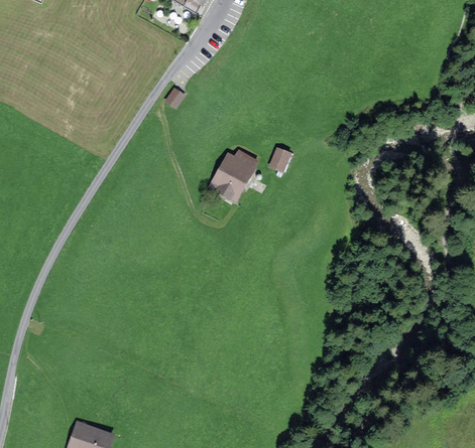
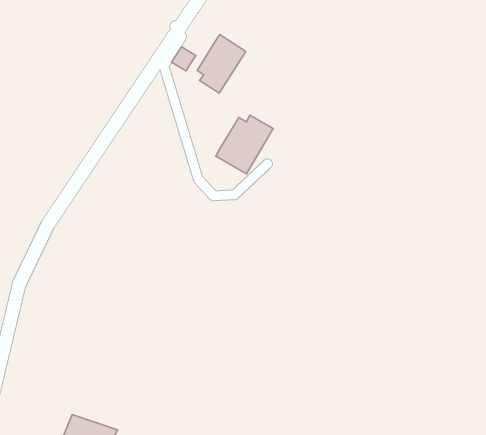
building: none -> [197,34,246,93]
building: [269,145,293,172] -> none

